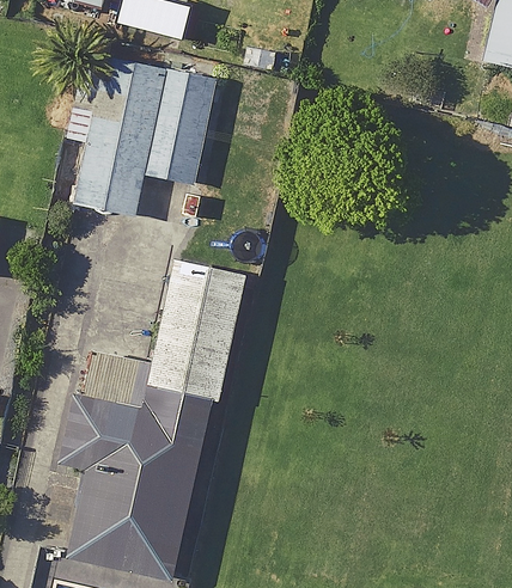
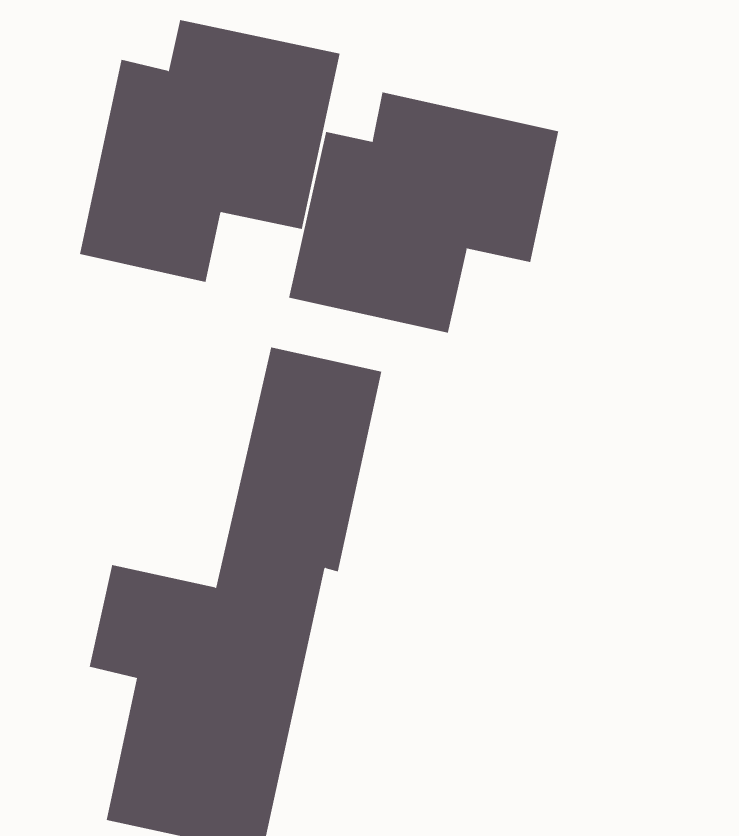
building: none -> [288,92,559,333]

